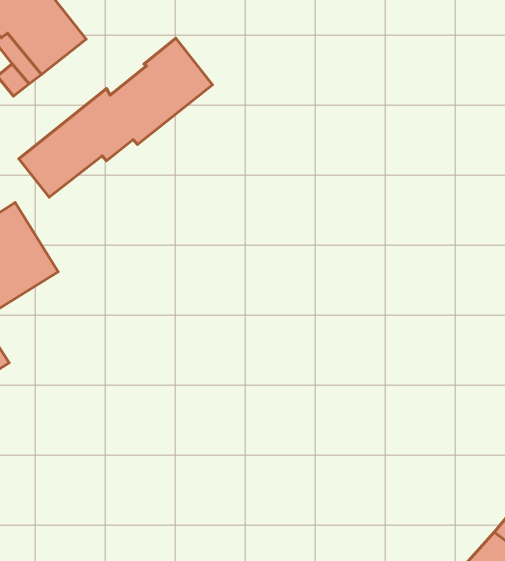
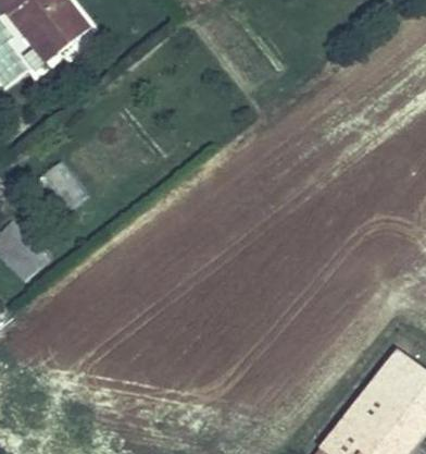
building: [19,38,212,197] -> none

